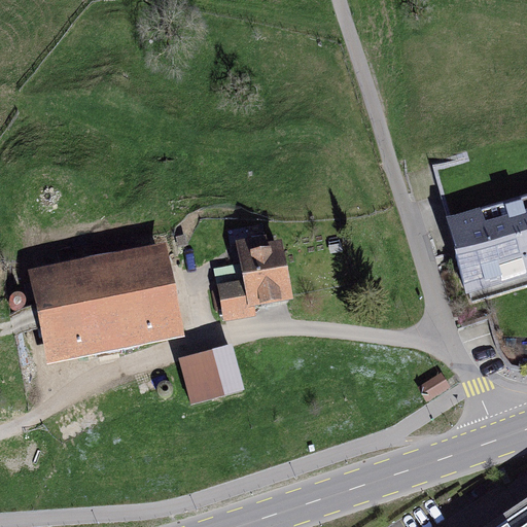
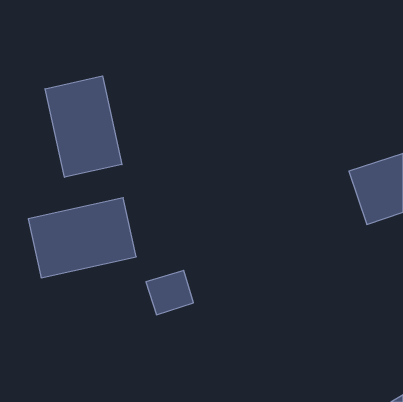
building: none -> [45,76,122,177]
building: [216,233,293,315] -> none

